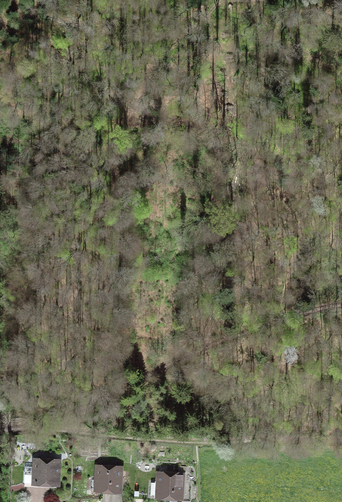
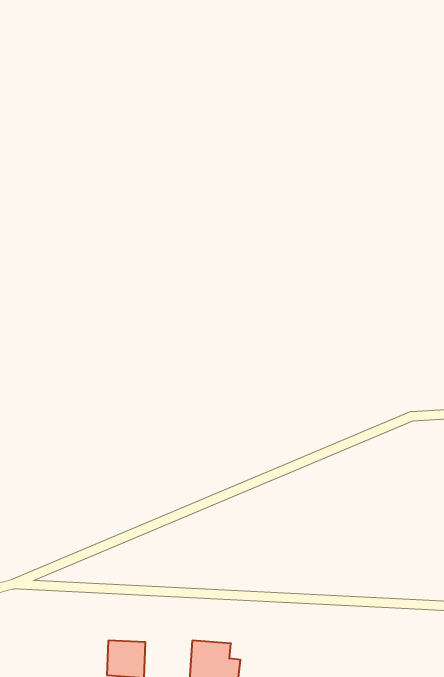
building: [31,460,59,488] -> none

